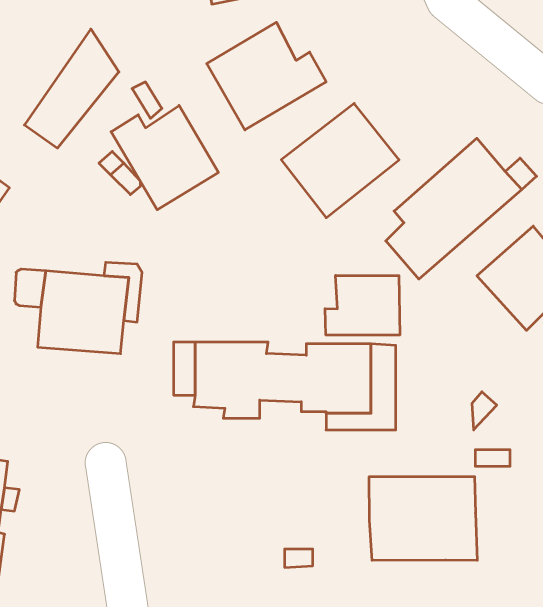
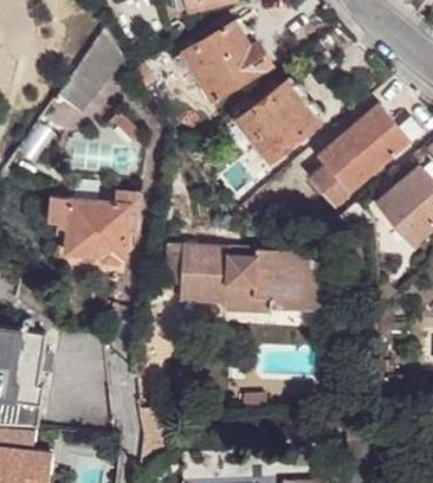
building: [111,105,218,210] -> none
building: [325,275,400,335] -> none
building: [369,477,477,560] -> none

